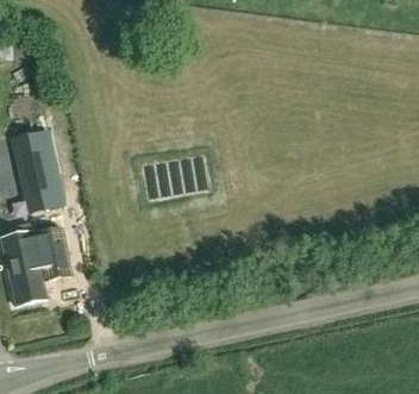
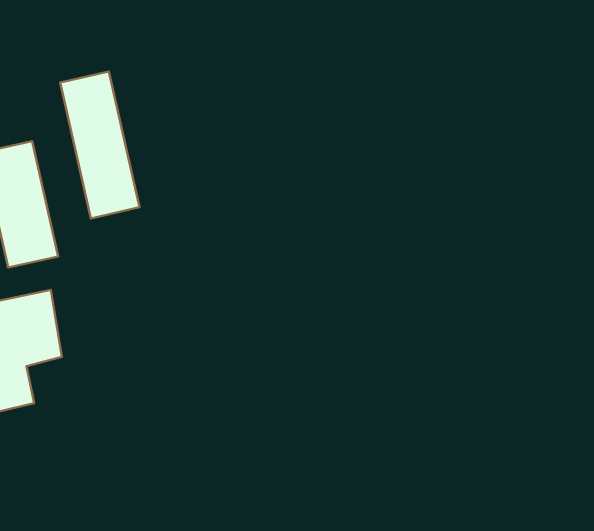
building: none -> [60,71,140,219]

